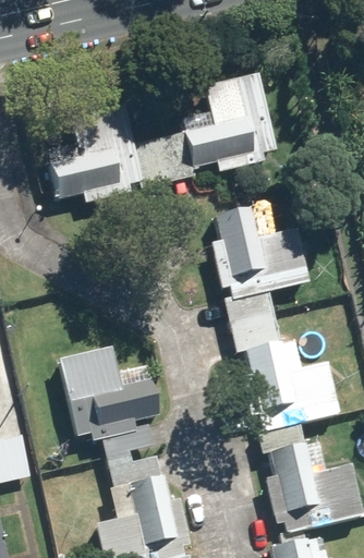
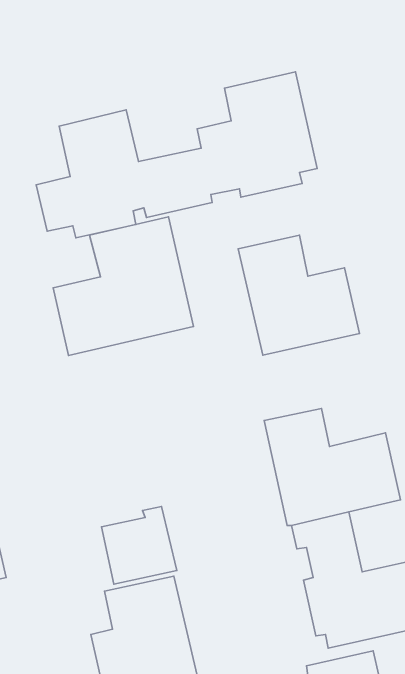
building: none -> [53,217,193,355]
building: [225,293,281,352] -> none
building: [53,337,158,433] -> none

